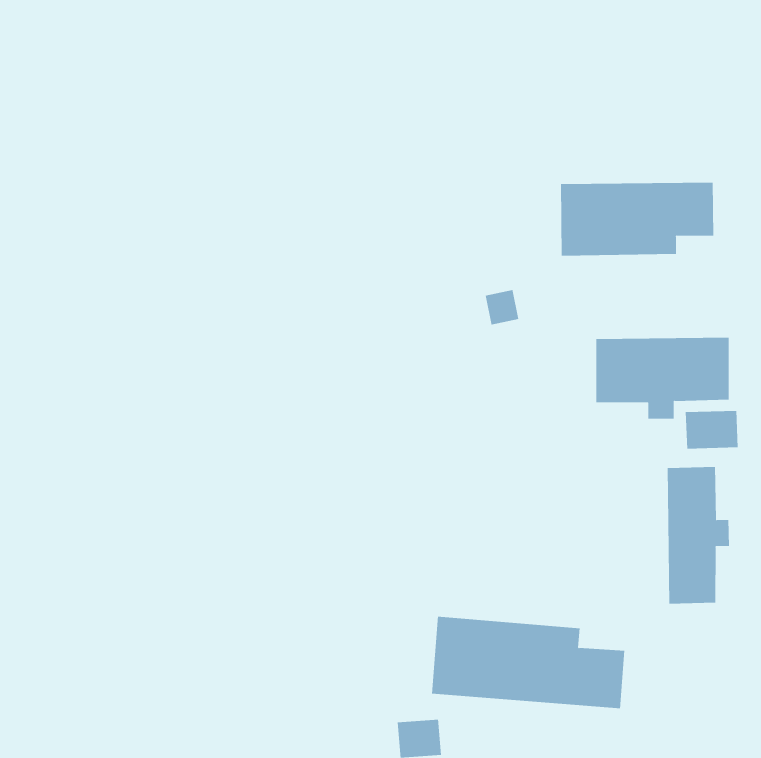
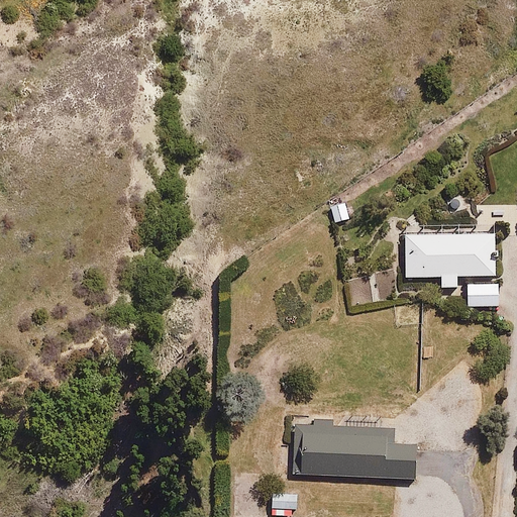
building: [560,182,714,256] -> none
building: [667,466,729,605] -> none

